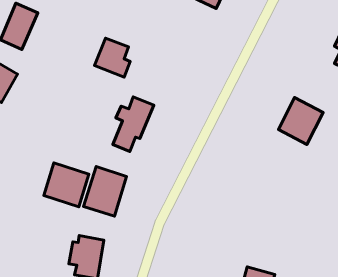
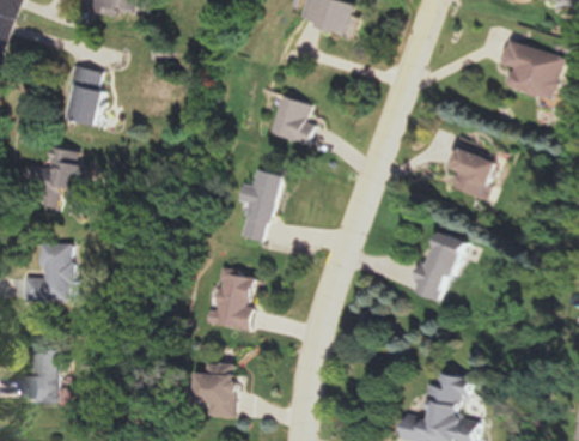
building: [94,38,130,77] -> [266,96,312,144]
building: none -> [415,230,469,302]
building: [44,163,89,207] -> none

